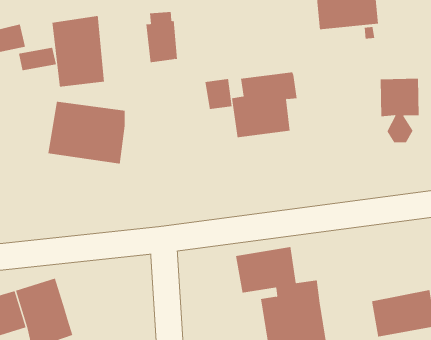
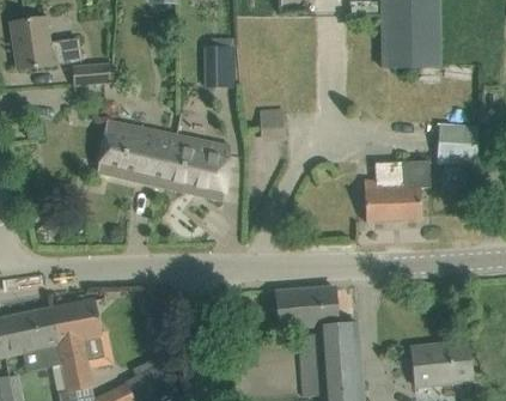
building: [52,15,105,88] -> none
building: [231,72,297,138] -> [364,160,431,223]
building: none -> [167,134,231,200]

